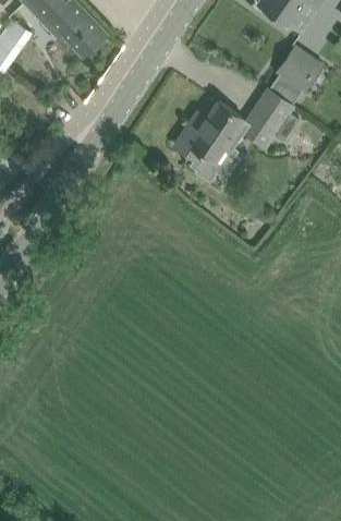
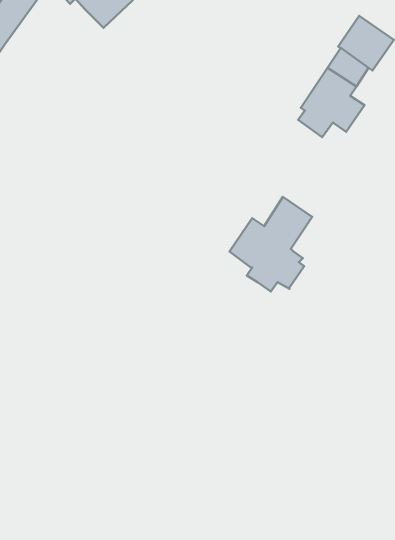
building: [174,101,242,179] -> [230,197,312,291]

